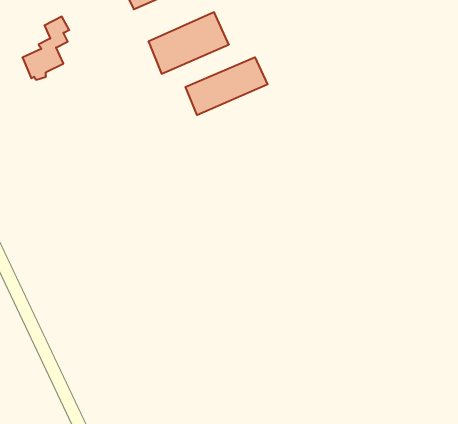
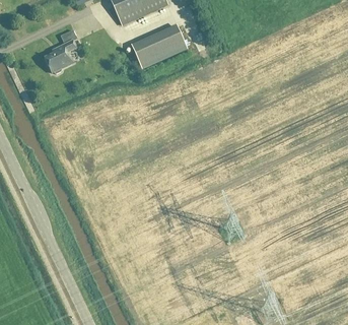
building: [185,57,268,115] -> none

